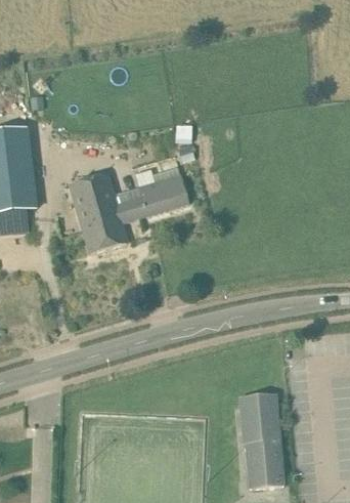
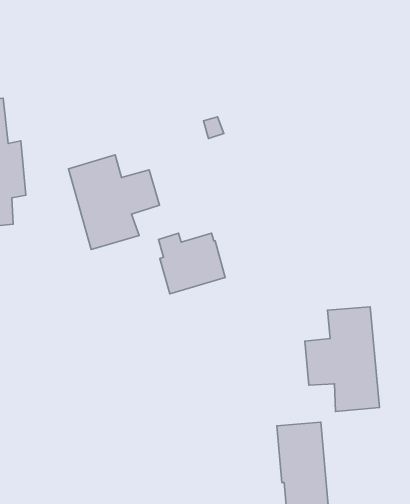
building: [135,167,189,216] -> [158,233,225,294]
building: none -> [305,307,379,411]

